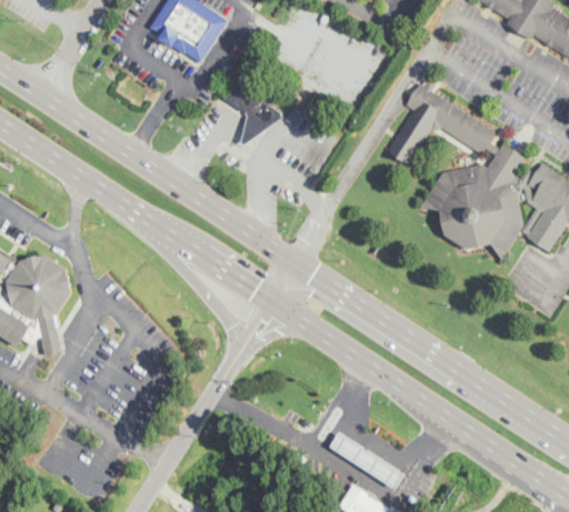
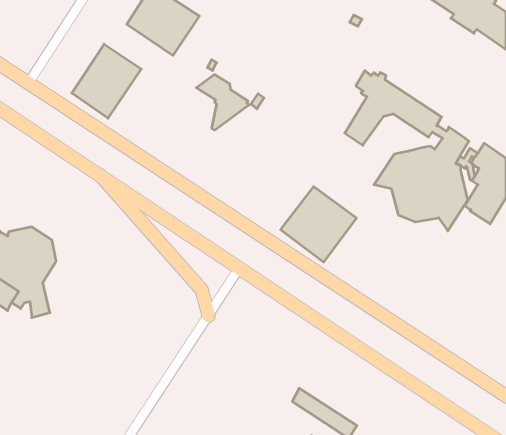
building: none -> [72,44,141,118]
building: none -> [281,187,356,262]

